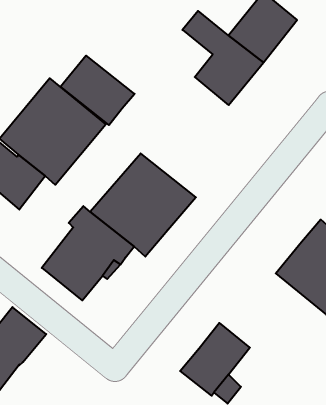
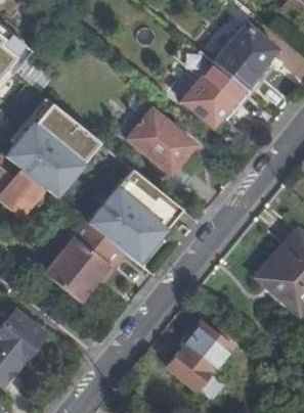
building: [60,56,135,125] -> [126,111,193,175]

